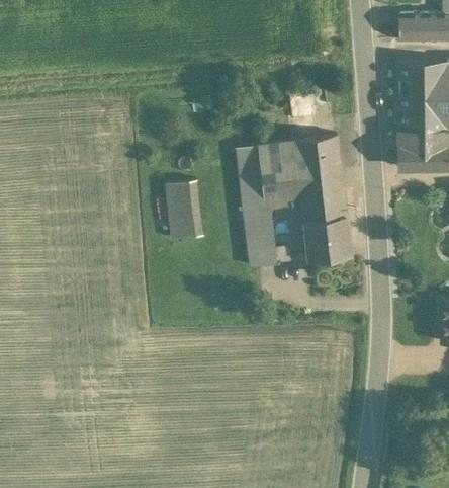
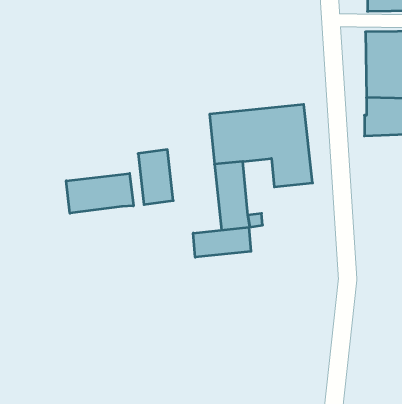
building: none -> [66,173,133,213]
building: [305,218,348,259] -> none
building: none -> [193,227,251,257]

